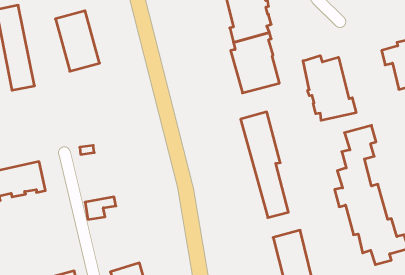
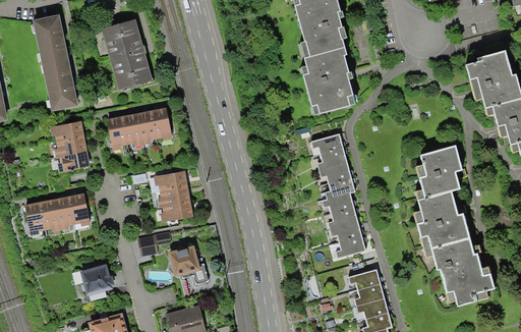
building: [303,56,356,120] -> none
building: none -> [108,109,171,150]
building: none -> [48,119,91,173]
building: none -> [155,171,193,221]
building: none -> [168,245,209,285]
building: none -> [77,263,115,297]

